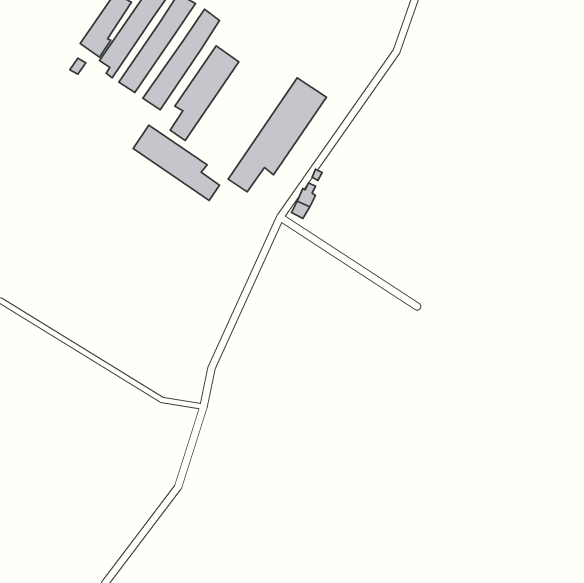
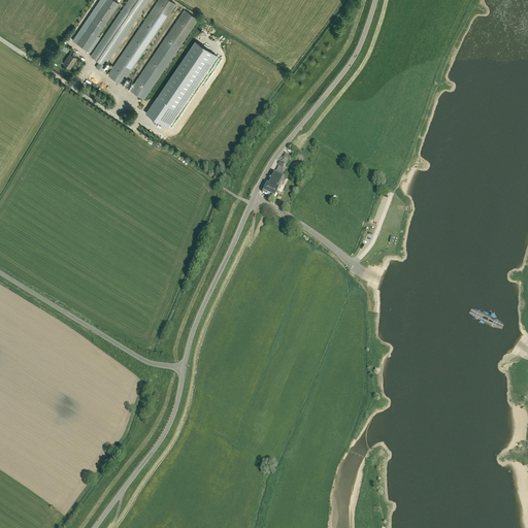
building: [228,78,327,192] -> none
building: [133,125,219,200] -> none

